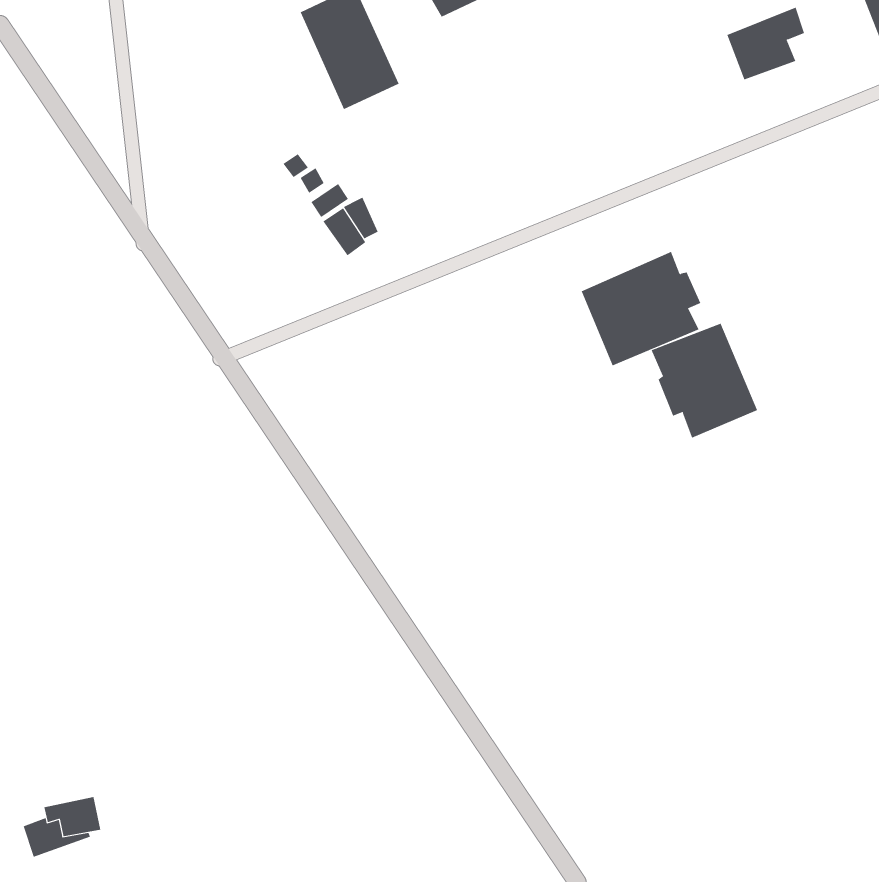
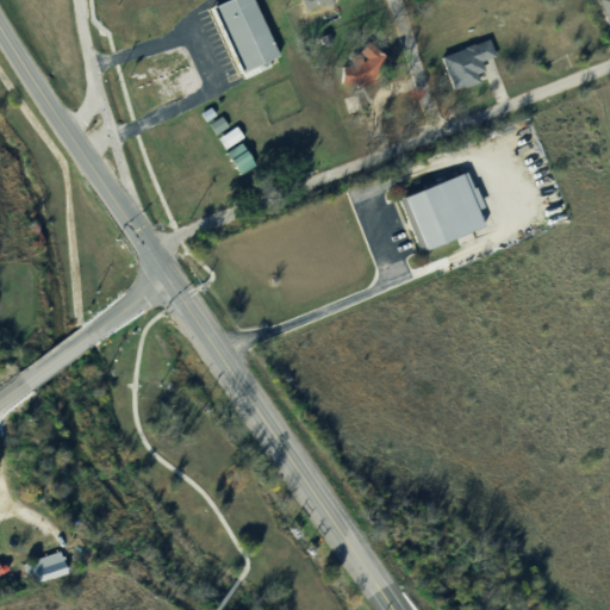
building: [726,7,805,80] -> [443,37,497,87]
building: none -> [342,44,400,85]
building: [651,323,758,438] -> none

